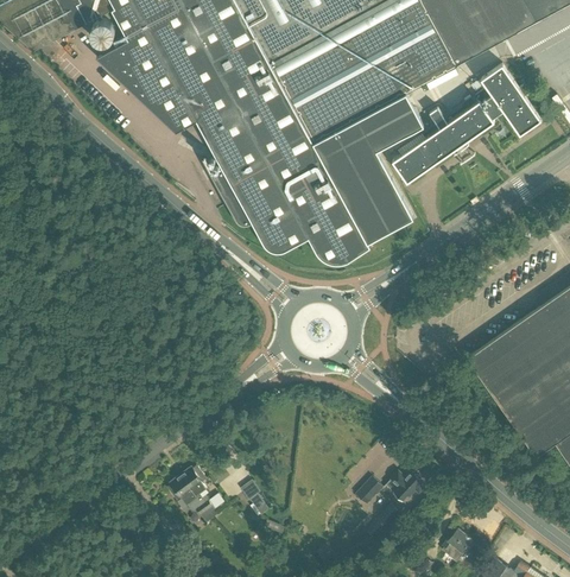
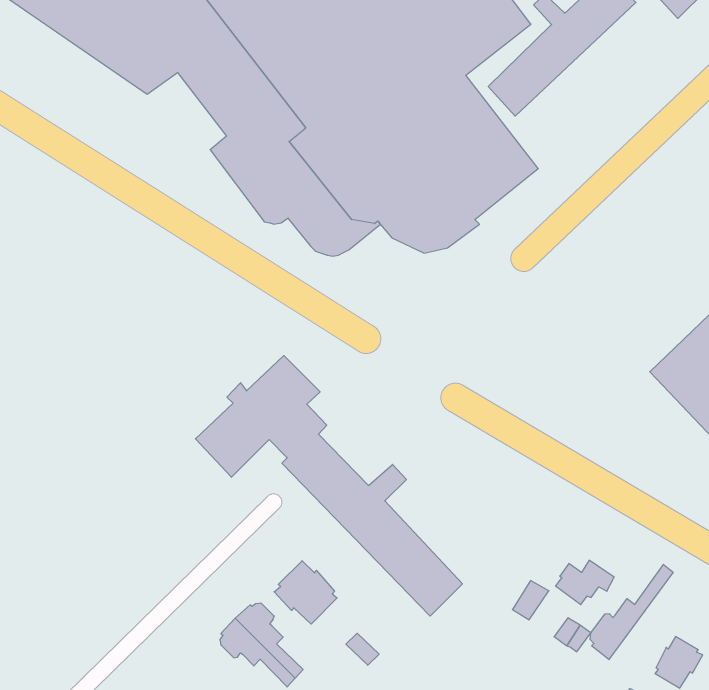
building: none -> [195,356,462,616]
building: none -> [274,561,337,624]
building: none -> [590,564,673,660]

